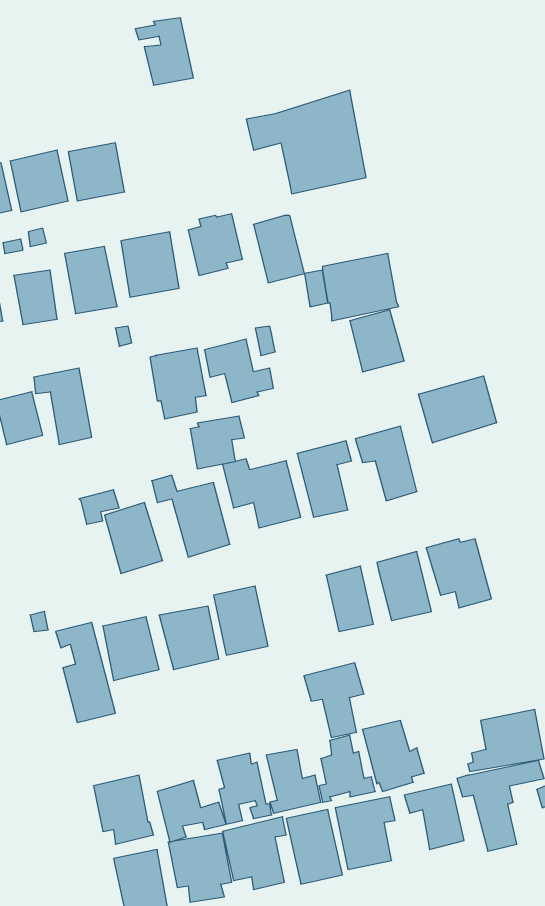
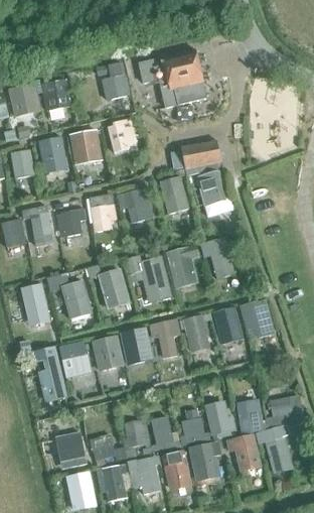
building: [135,18,193,85] -> [97,62,129,100]
building: [253,216,304,283] -> [160,176,188,214]
building: [418,376,496,443] -> none
building: [190,416,244,469] -> [56,208,87,237]
building: none -> [21,283,48,317]
building: [304,663,364,737] -> [148,317,181,359]
building: none -> [237,401,263,434]

